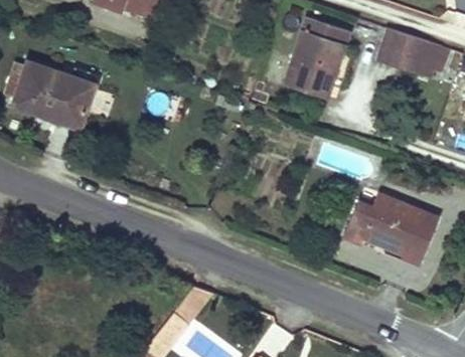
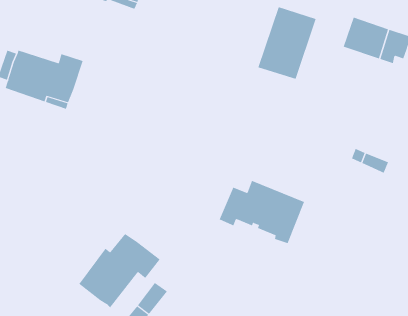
building: [344,195,437,263] -> [219,180,305,244]
building: none -> [78,233,160,308]

